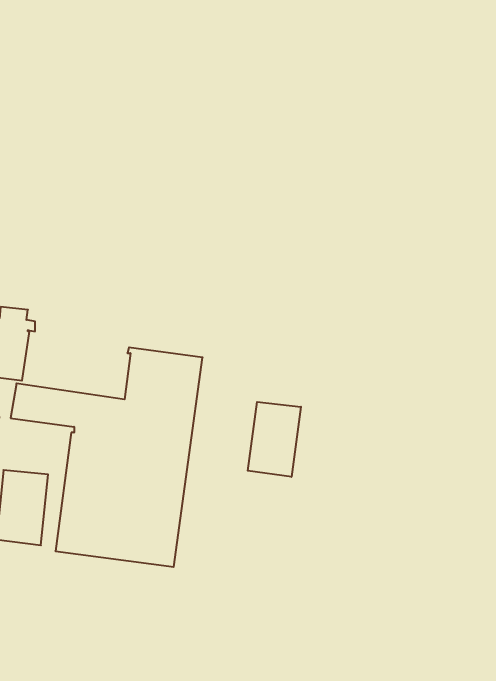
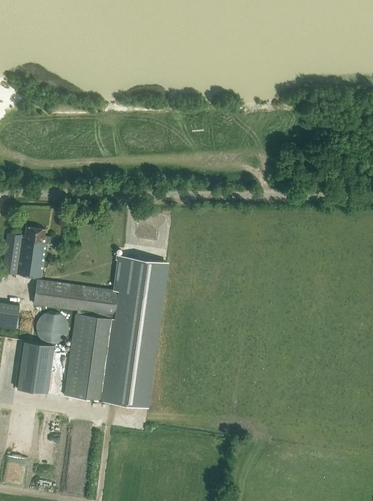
building: [248,402,301,477] -> none
building: none -> [41,313,68,340]

